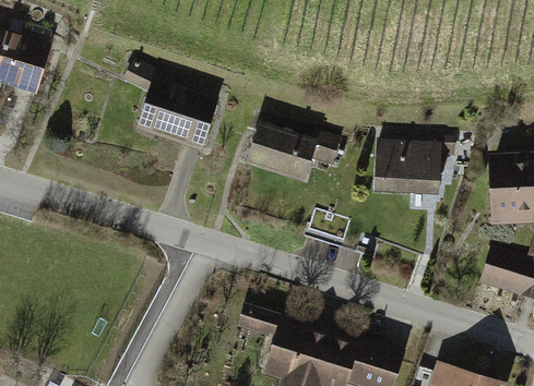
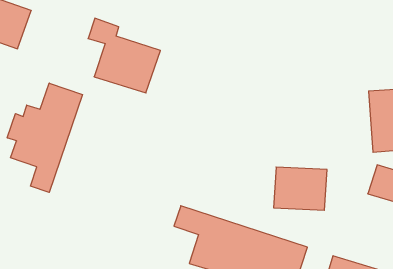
building: [241,121,346,185] -> none
building: [371,140,440,195] -> [274,167,327,210]
building: none -> [7,83,83,192]

